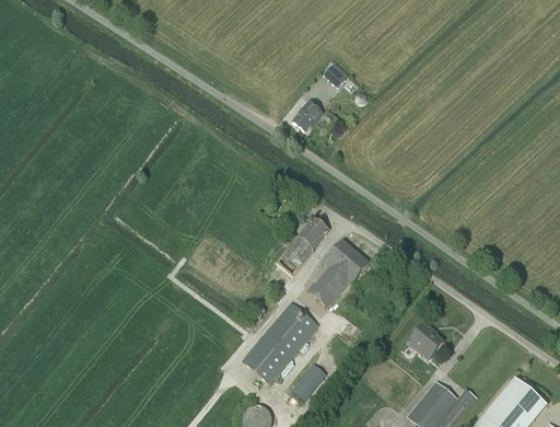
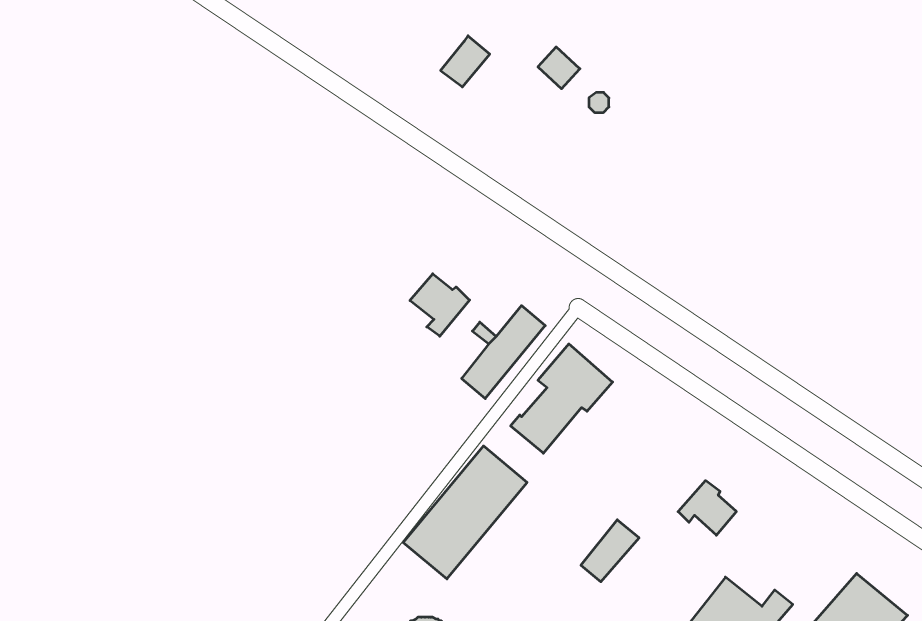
building: [292,101,322,131] -> [441,36,490,87]
building: none -> [410,274,470,336]
building: [291,363,326,401] -> [581,520,639,582]

